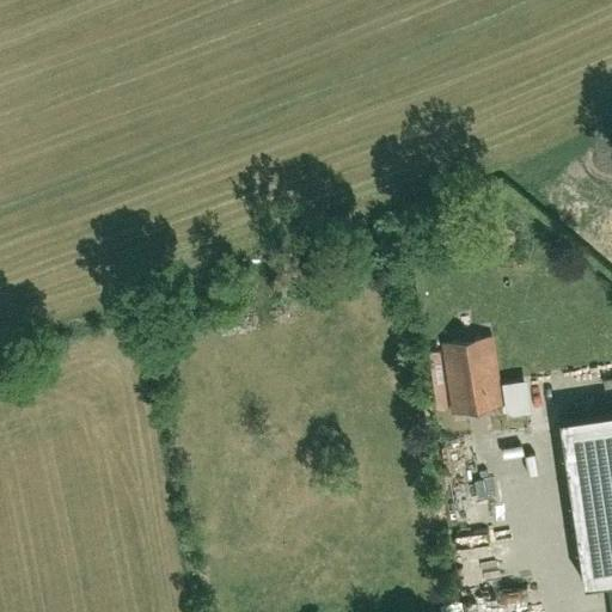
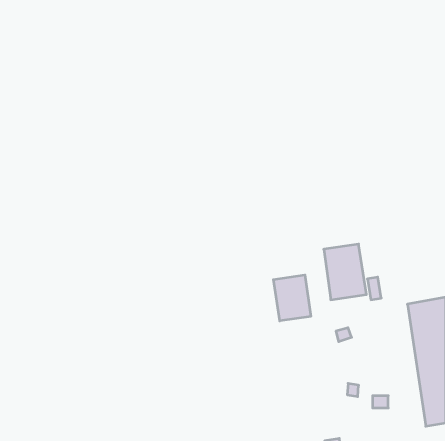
building: none -> [273,275,311,321]

